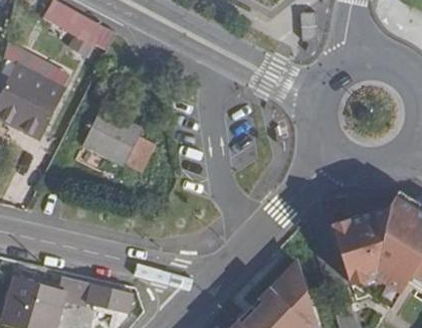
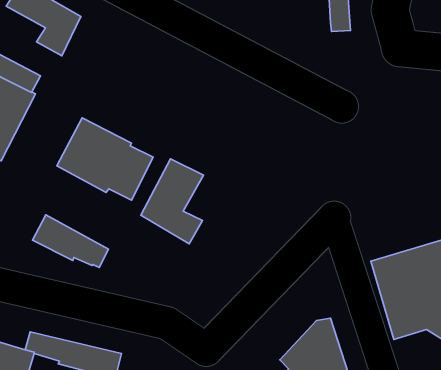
building: none -> [141,159,204,244]
building: none -> [32,215,108,268]

